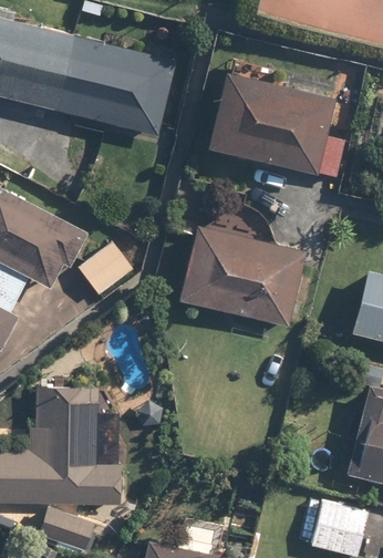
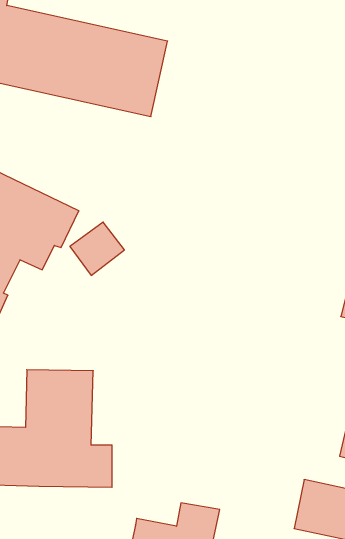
building: [203,72,344,174] -> none
building: [176,200,306,327] -> none
building: [38,504,99,551] -> none

